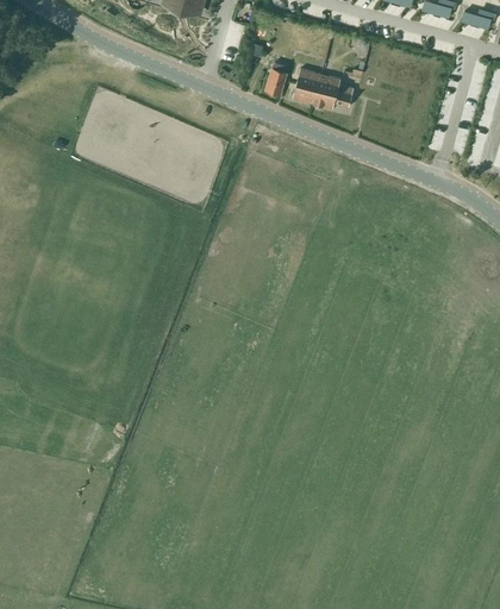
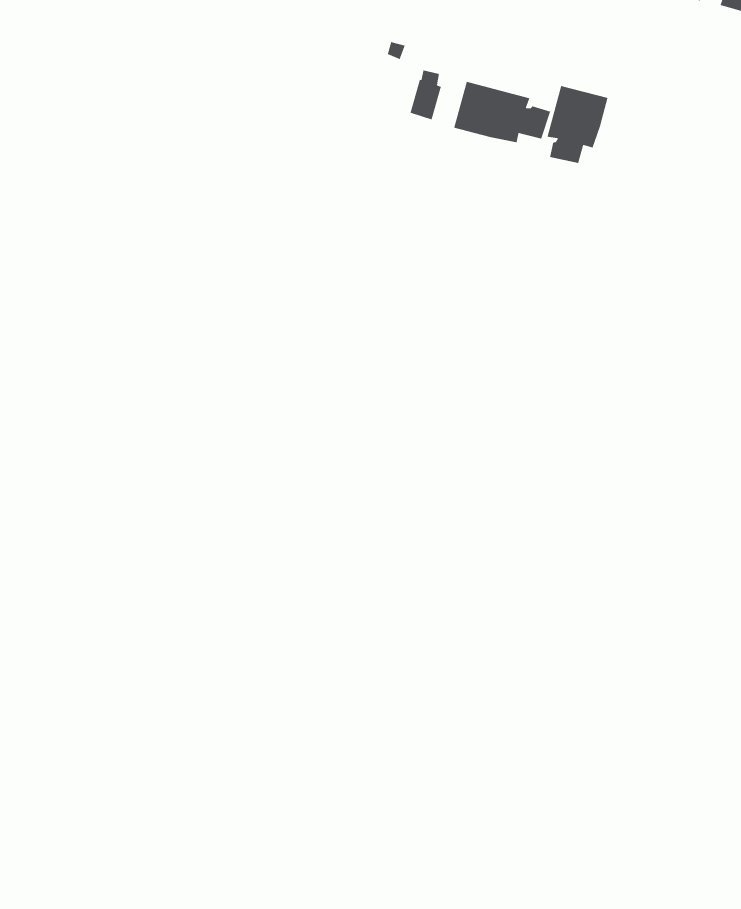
building: none -> [547,85,609,164]

